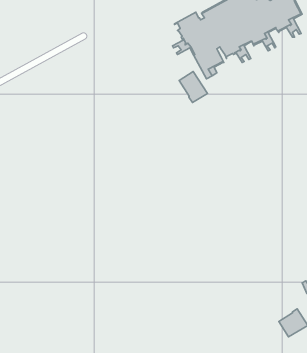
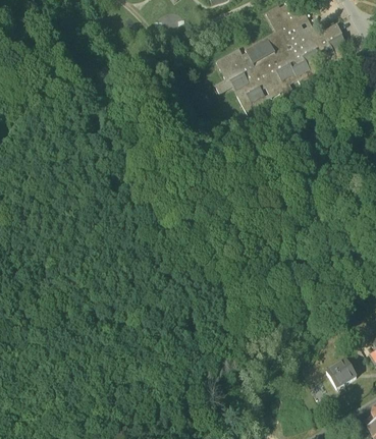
building: [179,72,208,103] -> none

